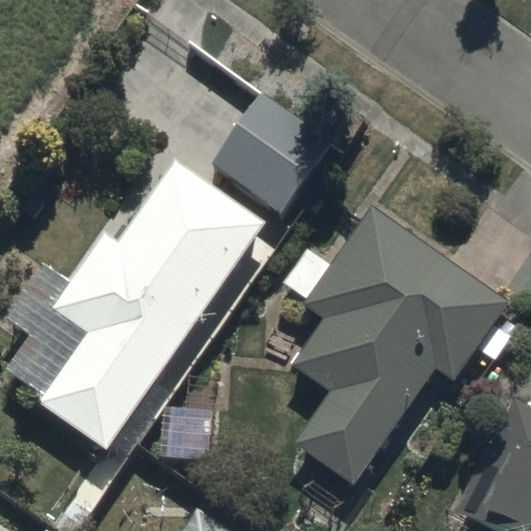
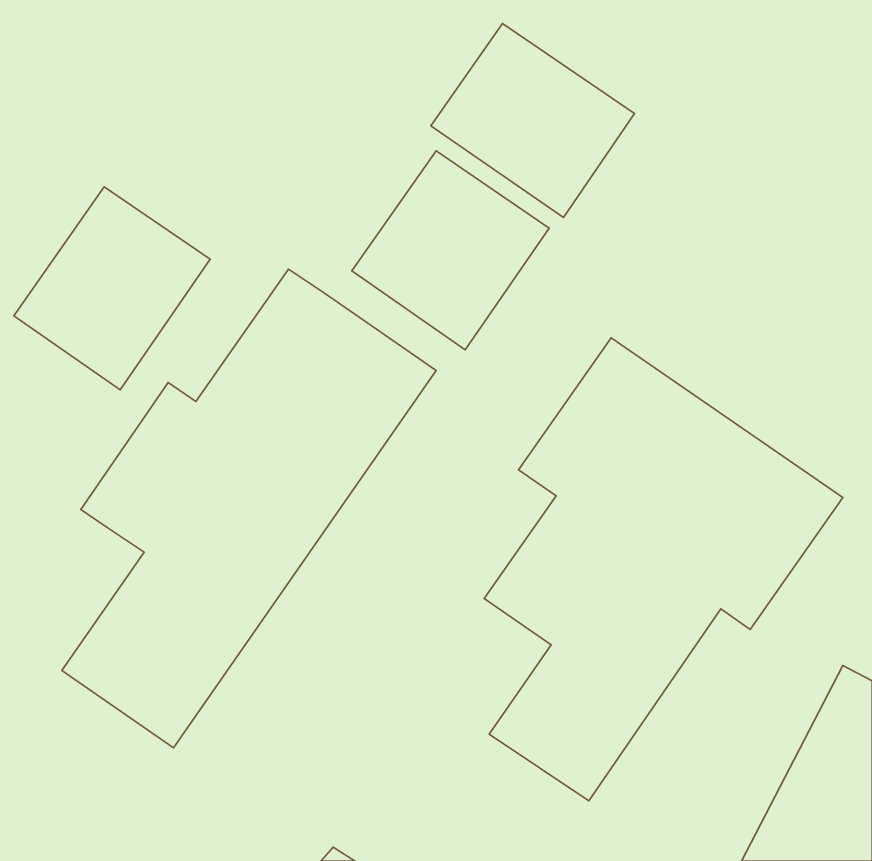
building: none -> [431,24,634,218]
building: none -> [14,187,210,390]

